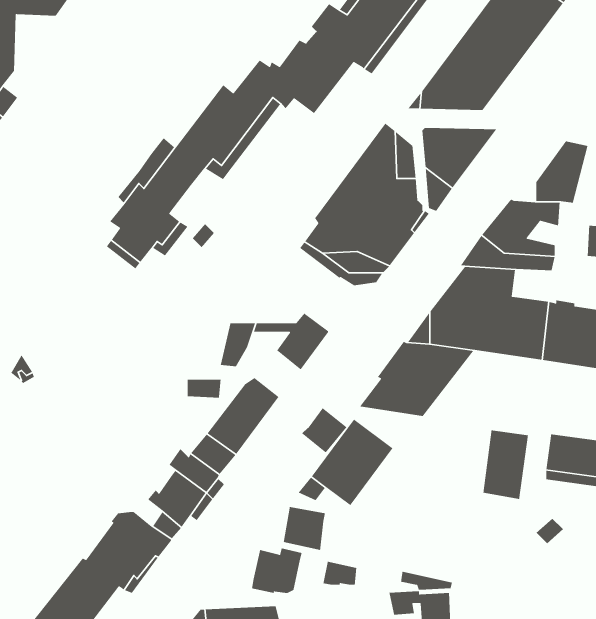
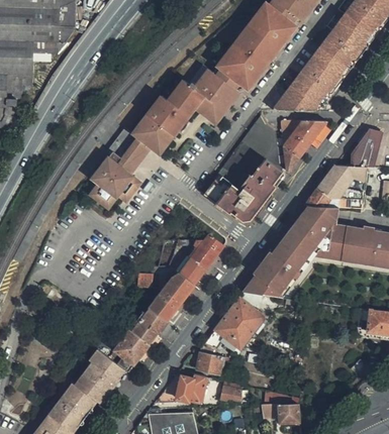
building: none -> [198,81,245,122]
building: [301,407,347,454] -> [179,256,207,285]
building: [482,430,529,500] -> none

